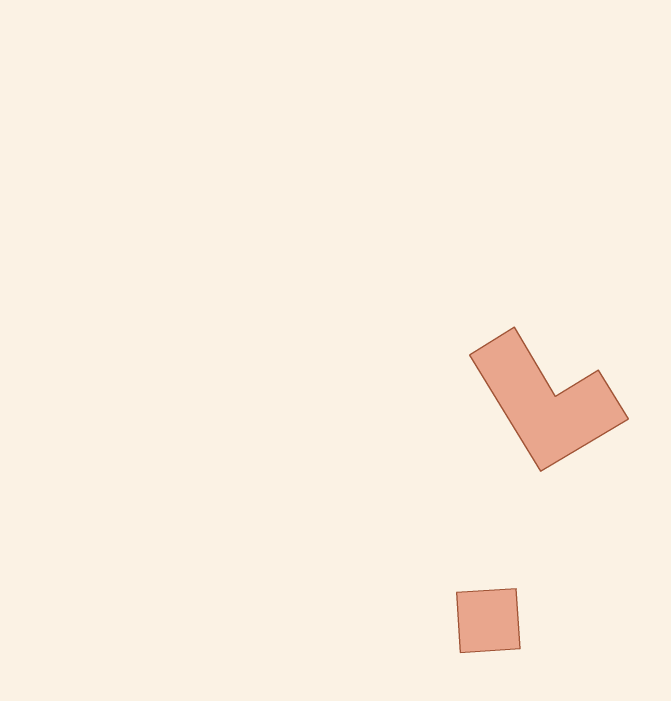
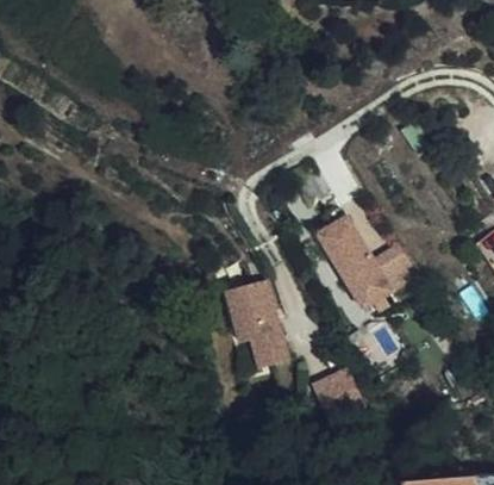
building: none -> [227,280,289,369]

